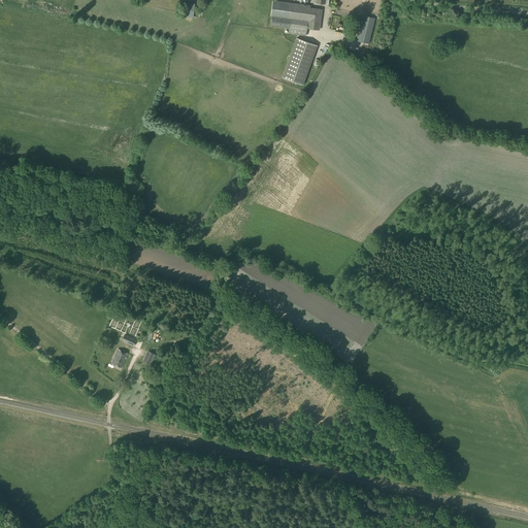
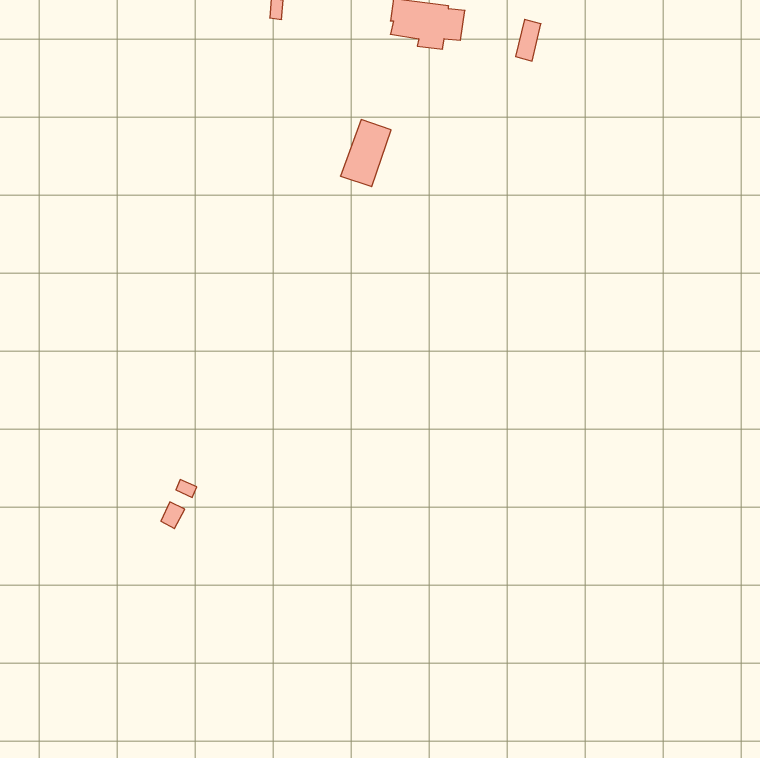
building: [283,36,318,82] -> [340,120,391,187]

